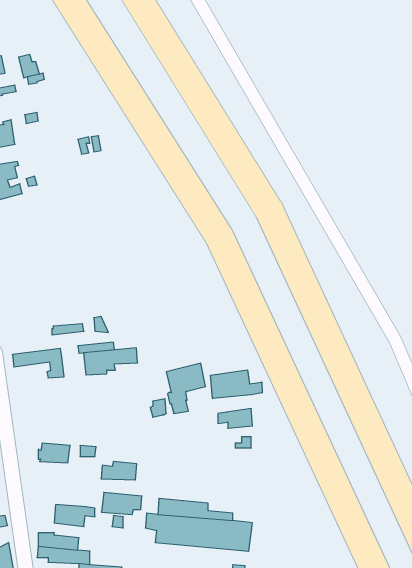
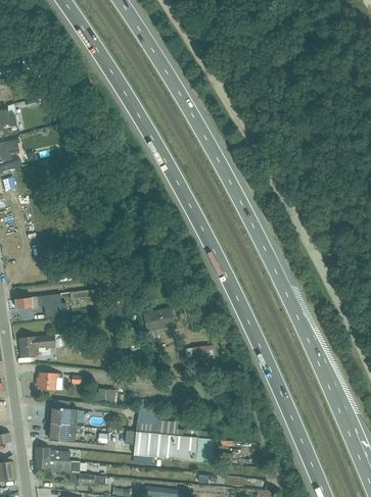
building: [83,348,138,375] -> [17,334,62,356]
building: [211,370,262,399] -> none
building: [101,492,142,515] -> [49,407,83,426]

